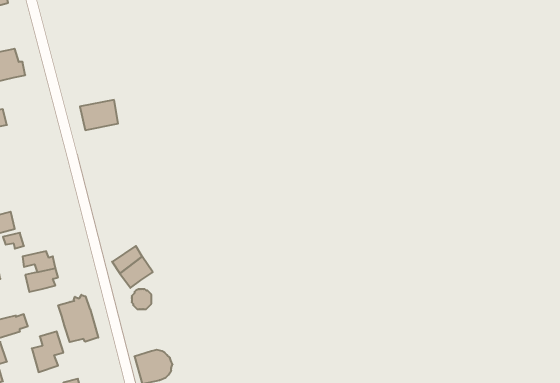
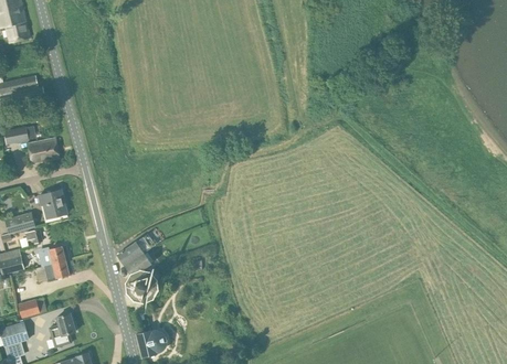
building: [80,100,118,130] -> [27,138,59,163]
building: none -> [38,190,66,218]
building: [58,295,98,342] -> none

